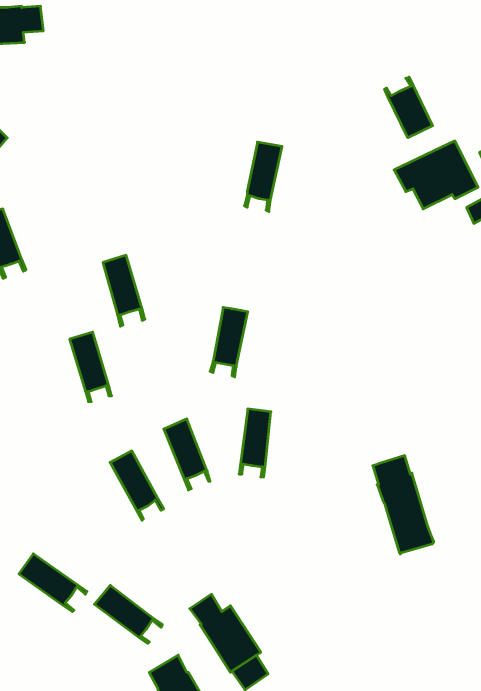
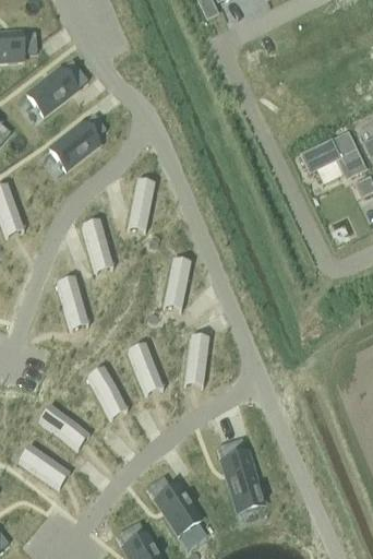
building: none -> [26,60,87,116]
building: [385,77,433,138] -> none
building: none -> [49,115,106,170]
building: [244,142,282,212] -> [127,181,155,234]
building: [373,456,434,554] -> [217,439,263,513]
building: [94,585,162,643] -> [38,406,89,450]

